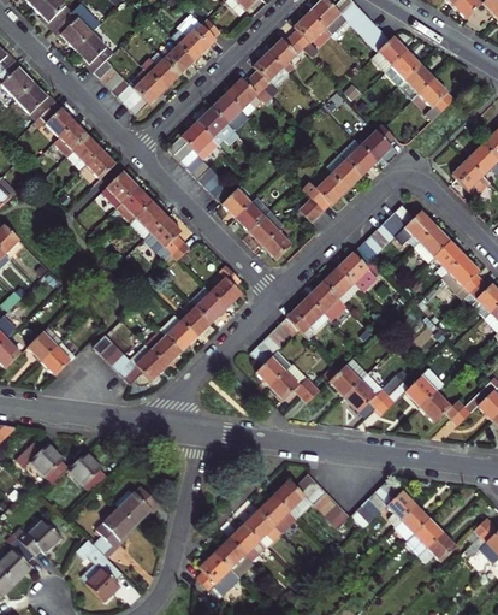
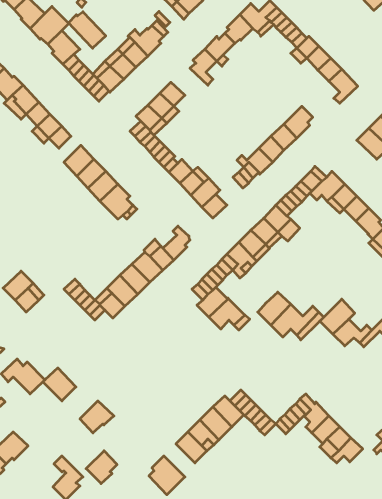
building: none -> [69,12,106,48]
building: [224,83,268,122] -> none
building: [93,505,130,545] -> [86,451,117,484]
building: [215,536,255,575] -> none

